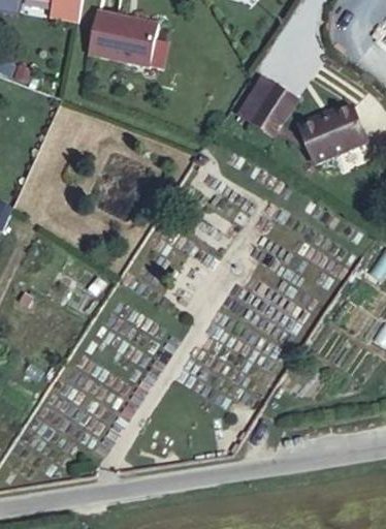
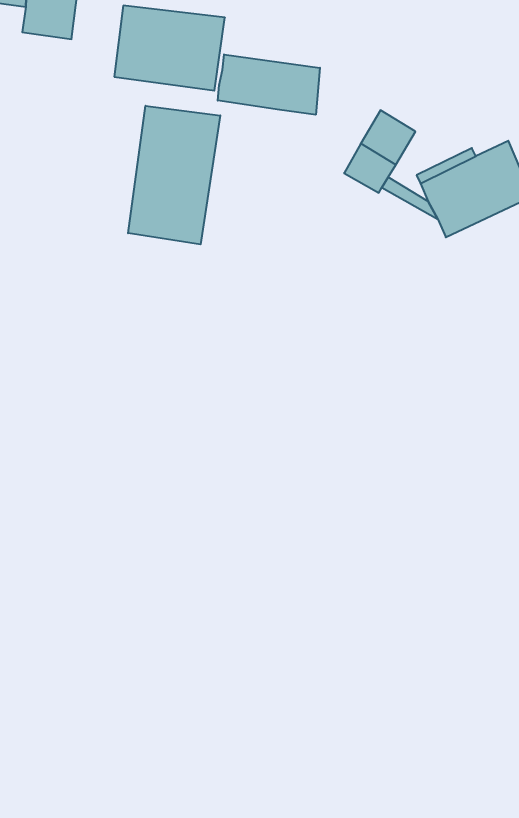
building: none -> [218,54,320,115]
building: none -> [128,106,220,244]

